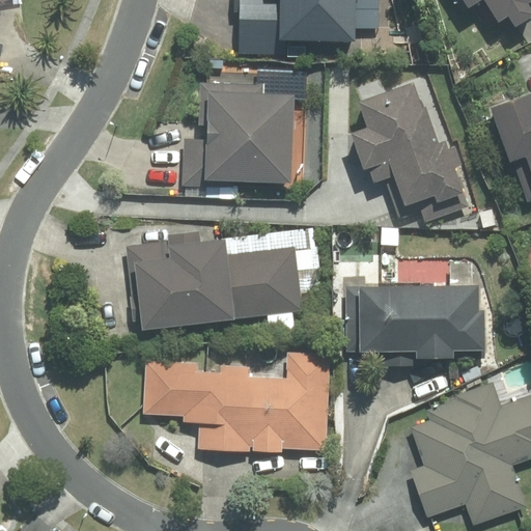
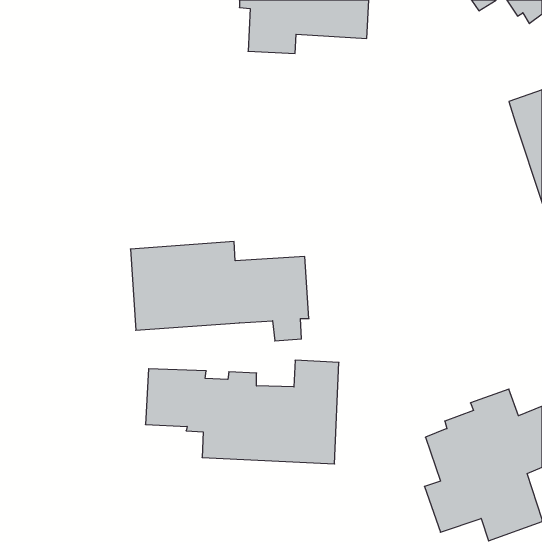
building: [355,79,471,225] -> none
building: [180,82,298,189] -> none
building: [351,285,485,357] -> none

